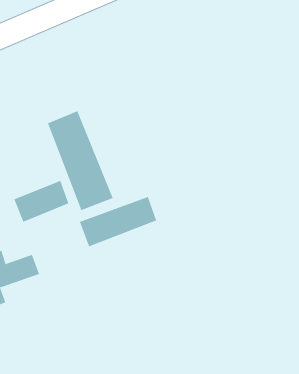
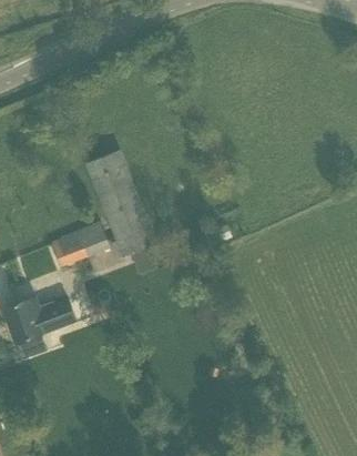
building: [79,196,157,247] -> none

